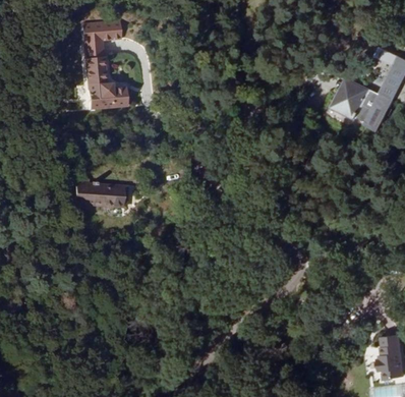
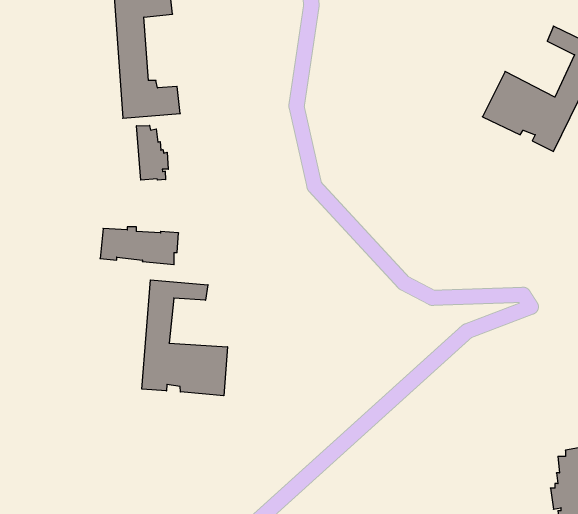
building: none -> [137,125,168,180]
building: none -> [142,280,227,396]

